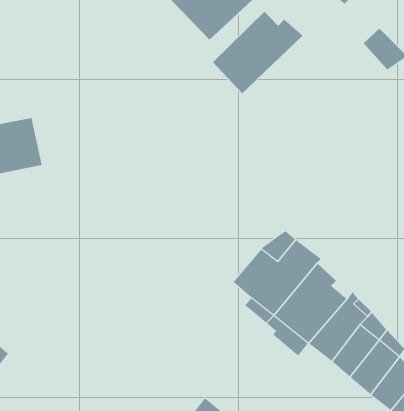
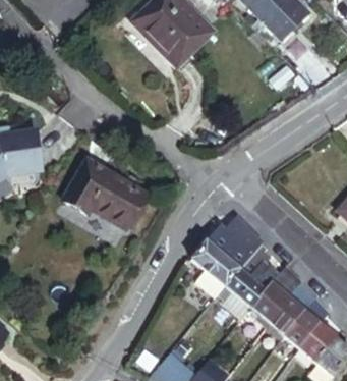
building: [212,11,303,94] -> none
building: none -> [74,159,143,222]

